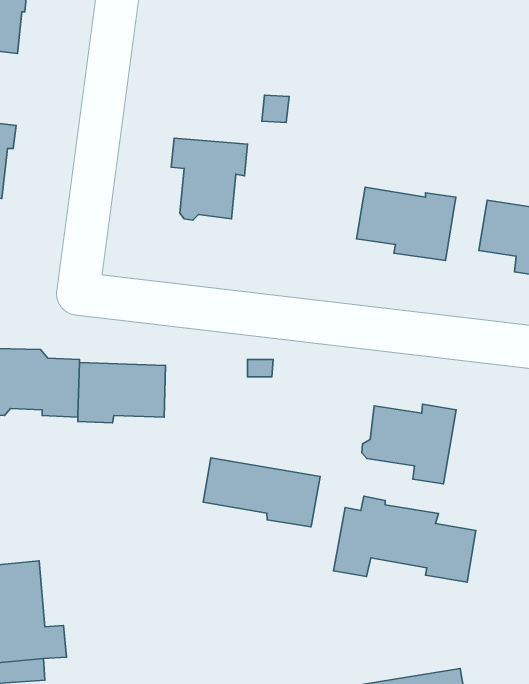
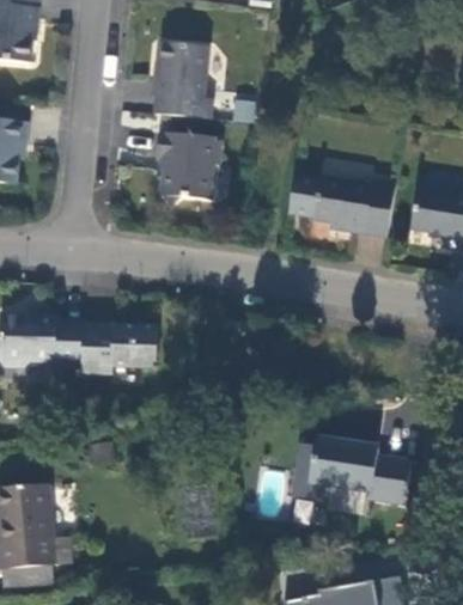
building: none -> [153,44,213,120]
building: [362,404,456,484] -> none
building: [203,458,320,527] -> none

